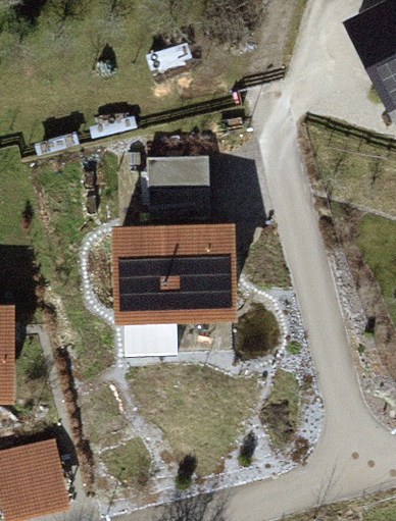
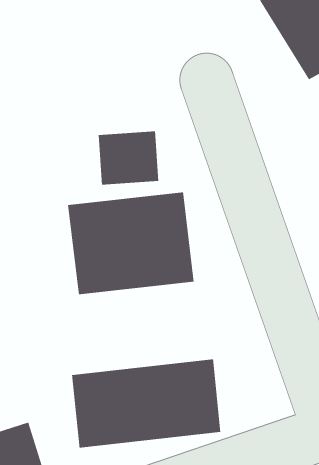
building: none -> [72,358,221,449]

